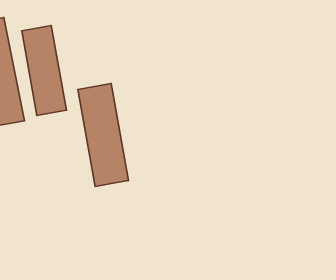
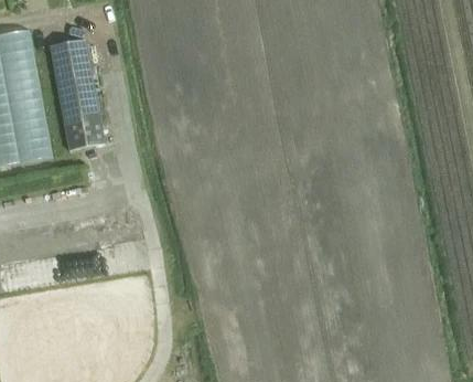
building: [78,84,129,186] -> none

